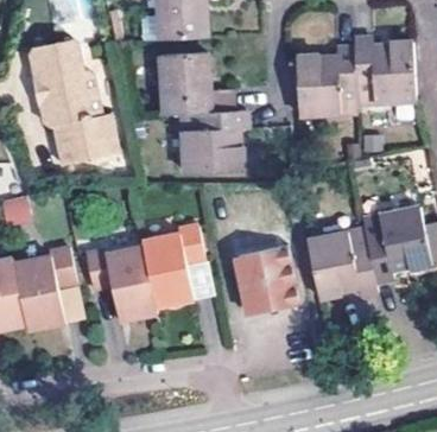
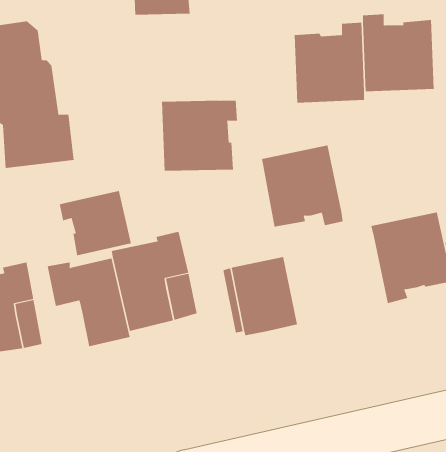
building: [163,52,233,113] -> none
building: none -> [59,190,131,256]
building: [306,227,376,297] -> [261,145,344,227]

